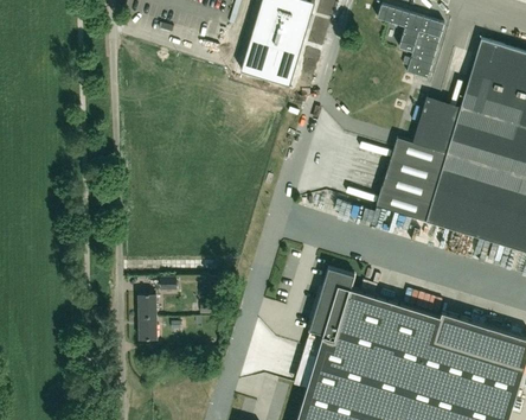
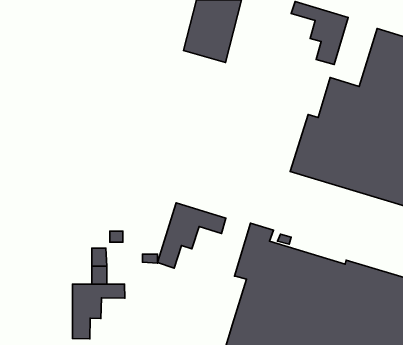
building: none -> [158,203,226,268]
building: none -> [72,284,125,339]

